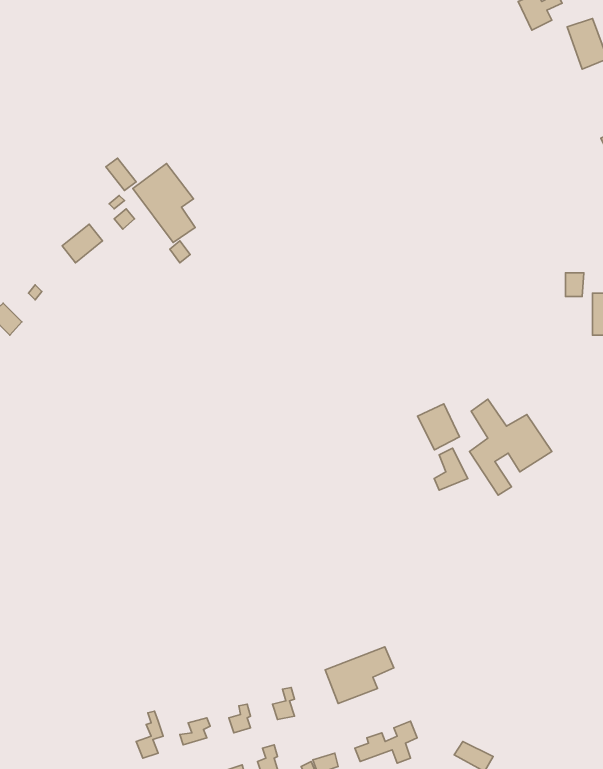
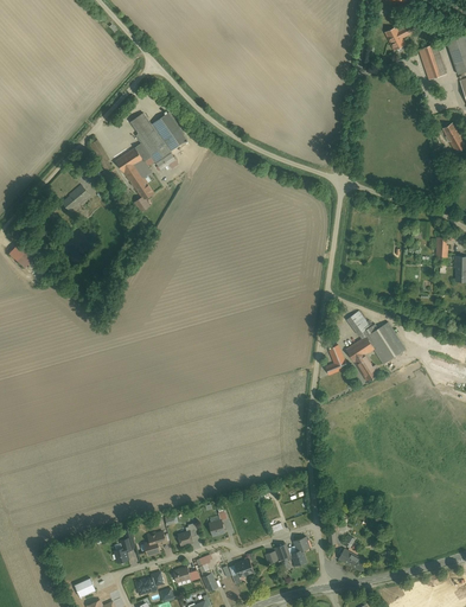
building: none -> [132,109,189,166]
building: [418,404,460,450] -> none
building: [325,647,394,703] -> none

